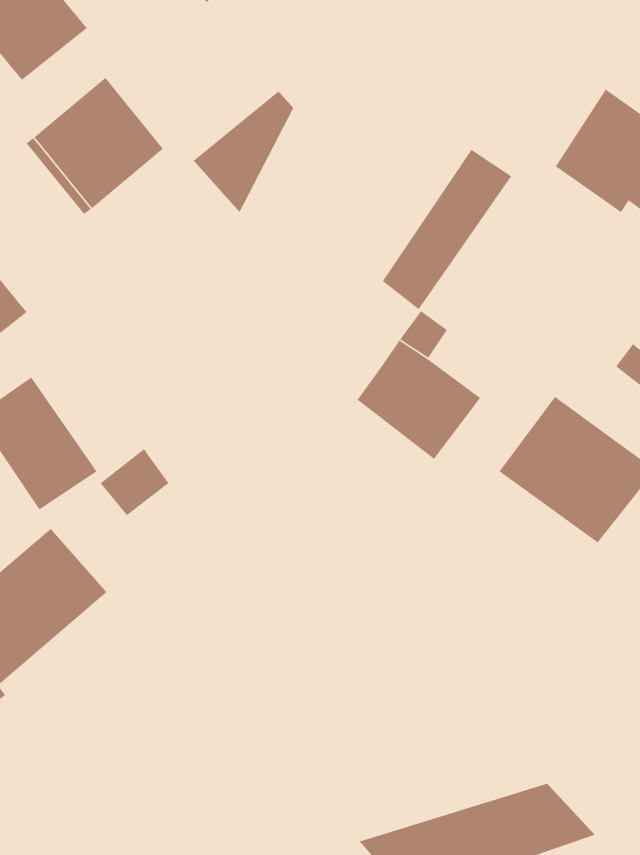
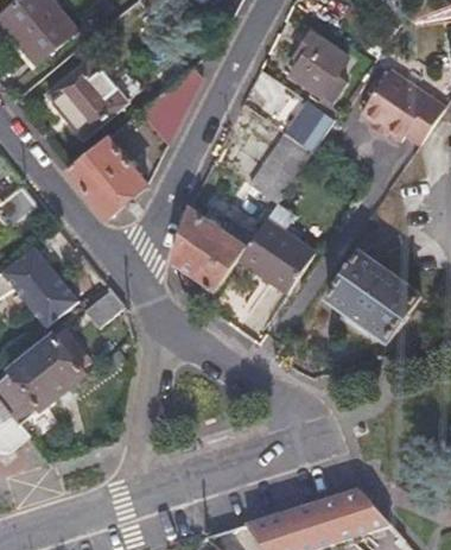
building: none -> [291,32,345,95]
building: none -> [66,137,146,215]
building: none -> [171,204,254,291]

